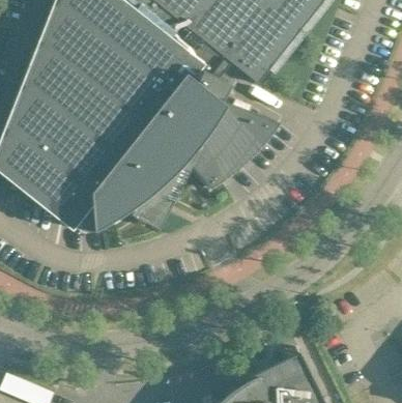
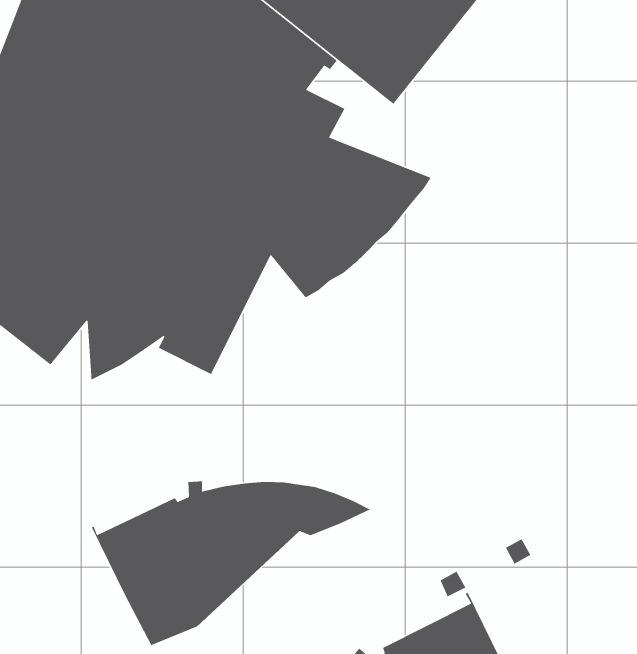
building: none -> [91,481,371,646]

